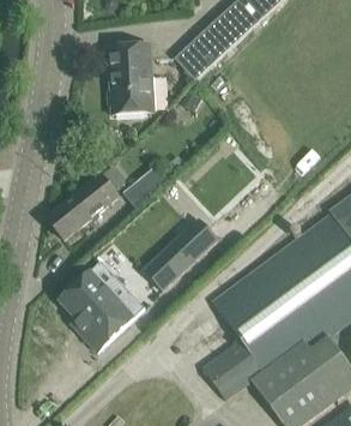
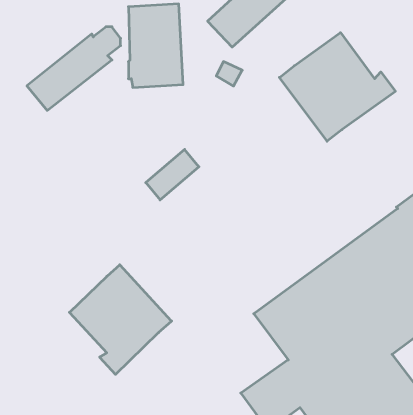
building: none -> [279,33,395,141]
building: [47,169,125,239] -> [27,27,121,110]
building: [143,217,218,290] -> none

